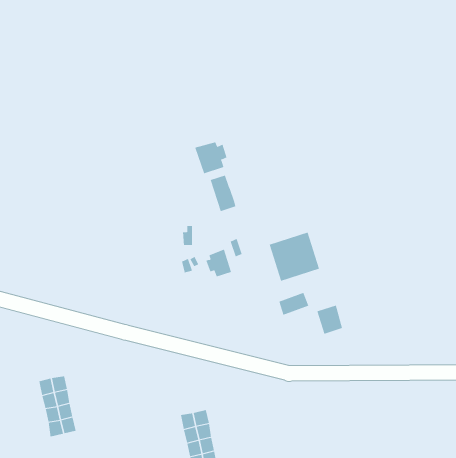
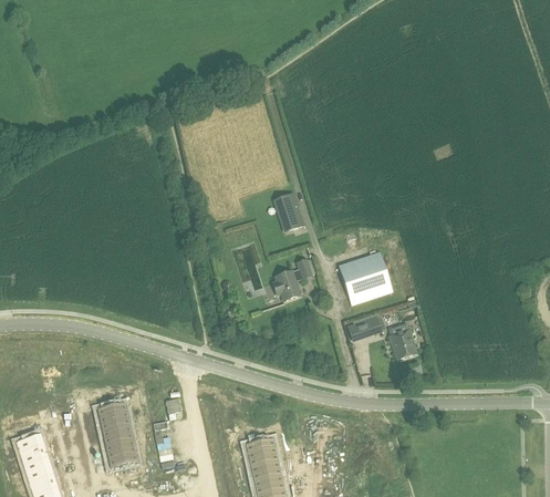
building: [194,141,227,174] -> none

